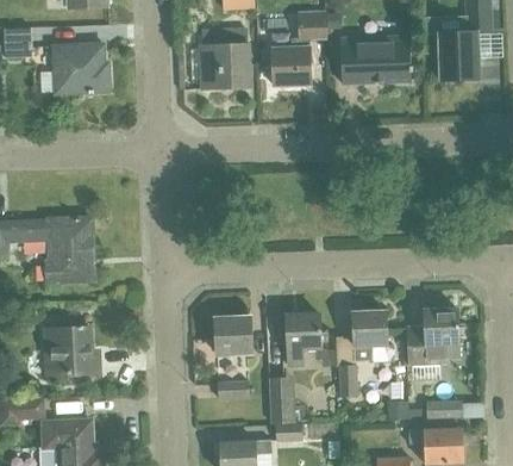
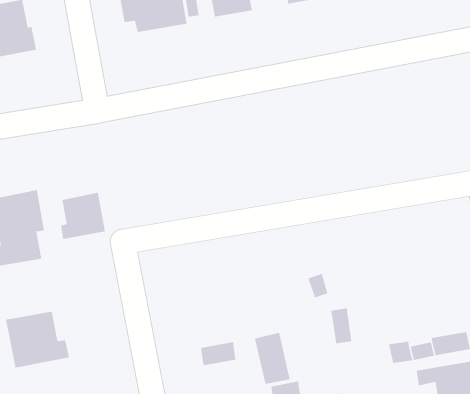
building: none -> [60,192,105,240]
building: [403,307,459,362] -> none
building: [352,311,393,362] -> none
building: [286,313,320,365] -> none
building: [215,317,251,354] -> none

